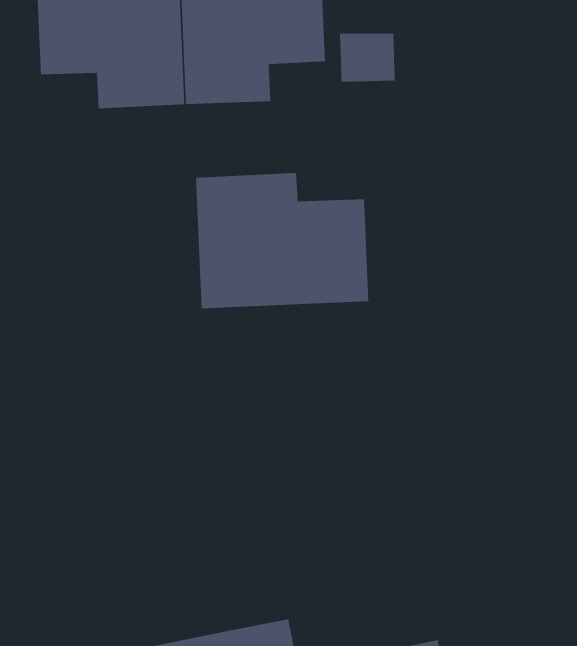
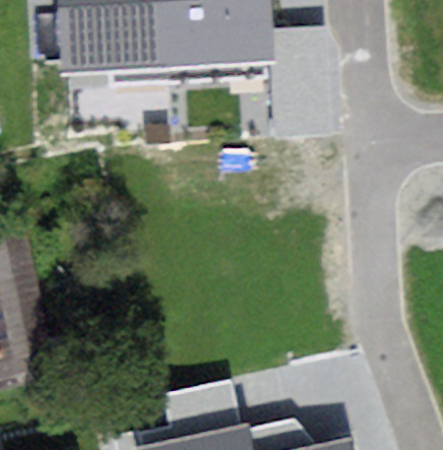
building: [195,172,369,309] -> none

